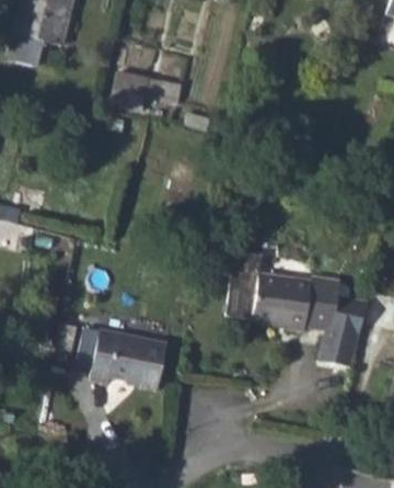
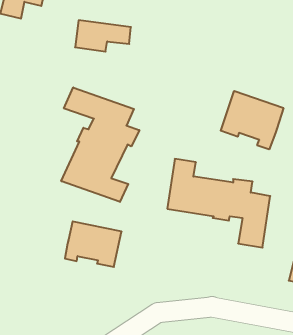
building: none -> [61,87,139,202]
building: none -> [221,91,283,149]

